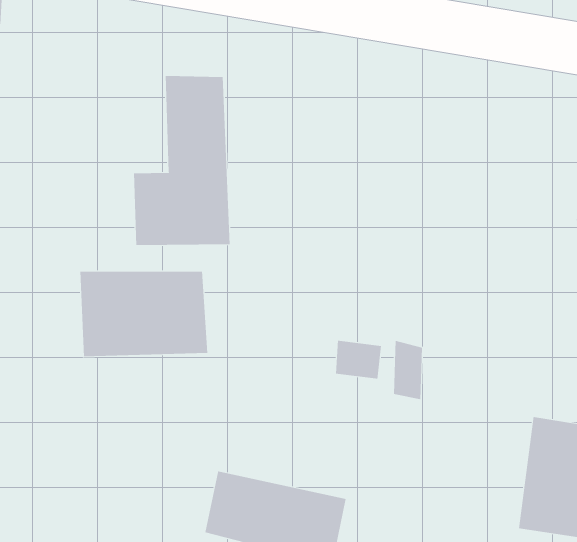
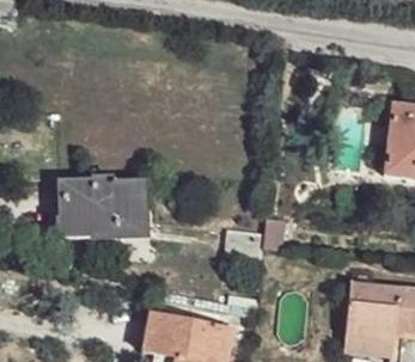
building: [134,75,230,246] -> none

